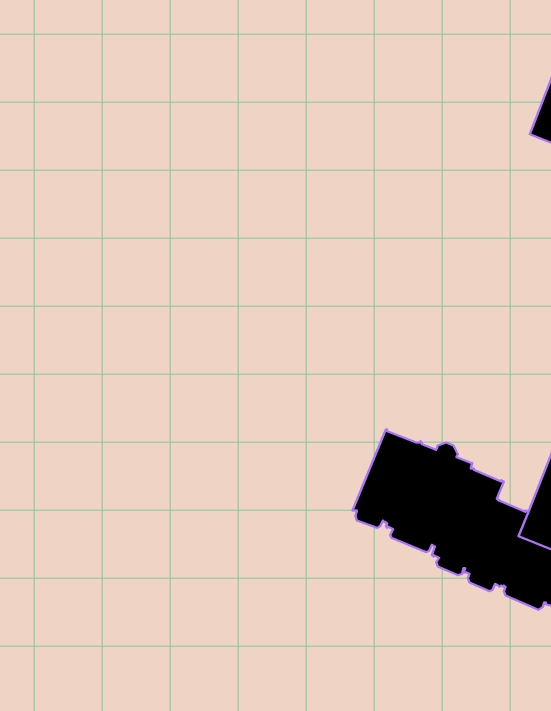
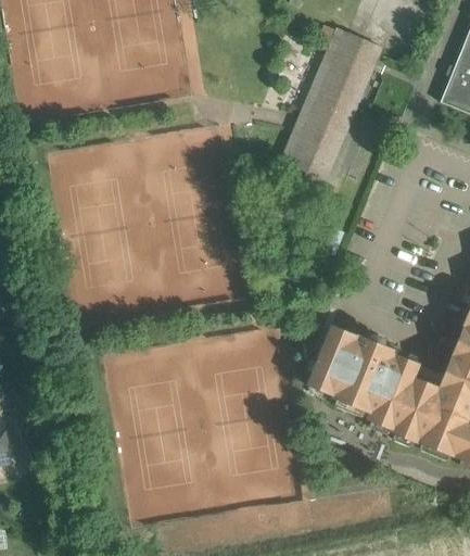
building: none -> [284,31,389,178]

